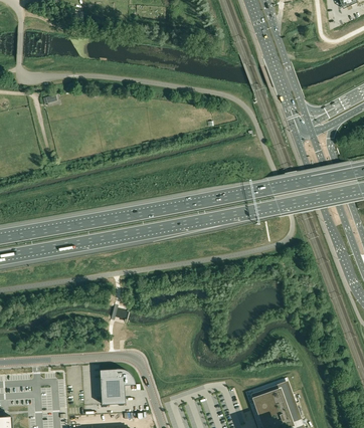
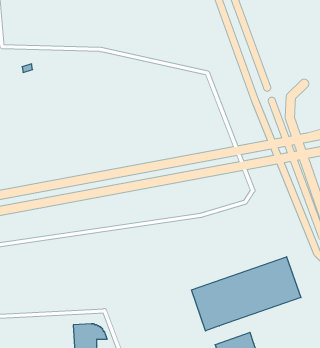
building: none -> [191,257,301,331]

